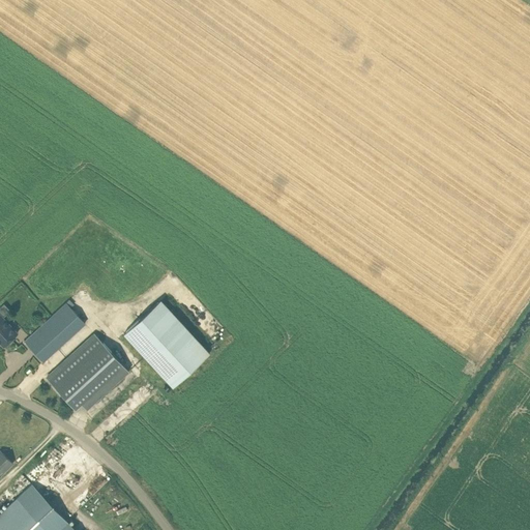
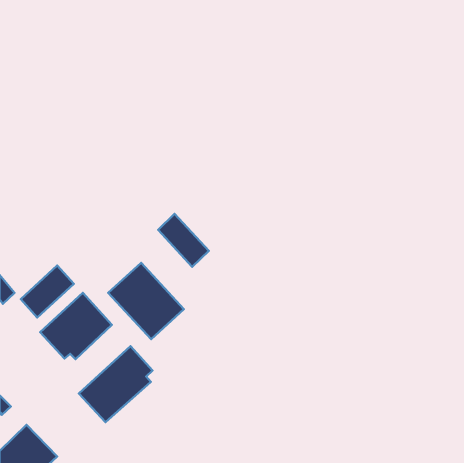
building: none -> [158,214,209,267]
building: none -> [79,346,152,422]

